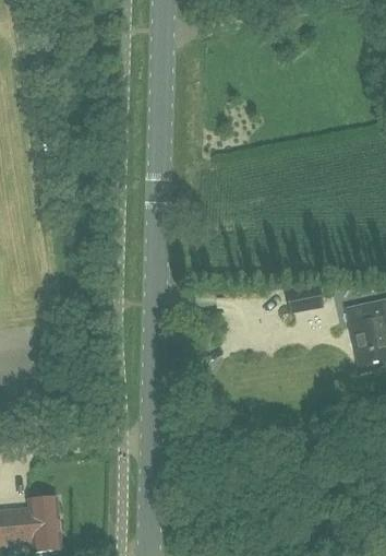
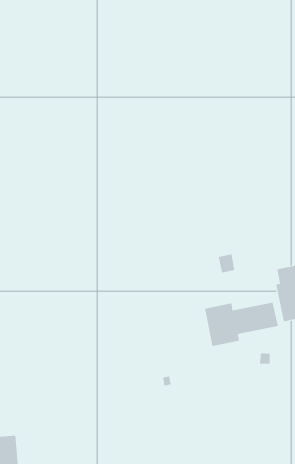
building: none -> [204,302,278,347]

